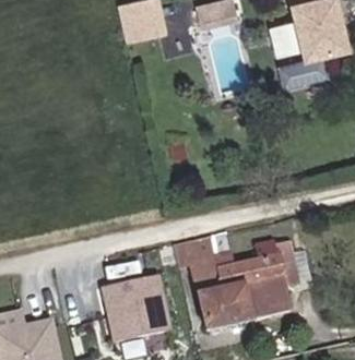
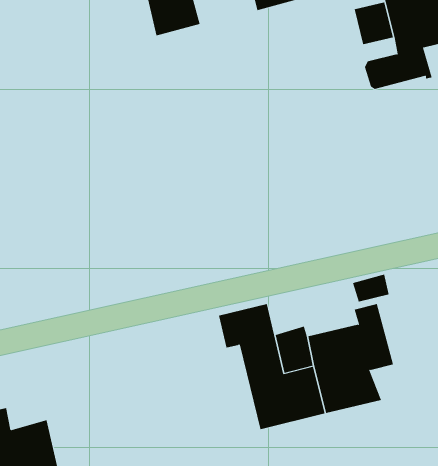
building: [99,275,167,344] -> none

